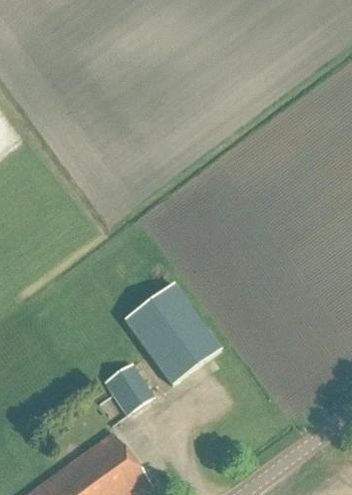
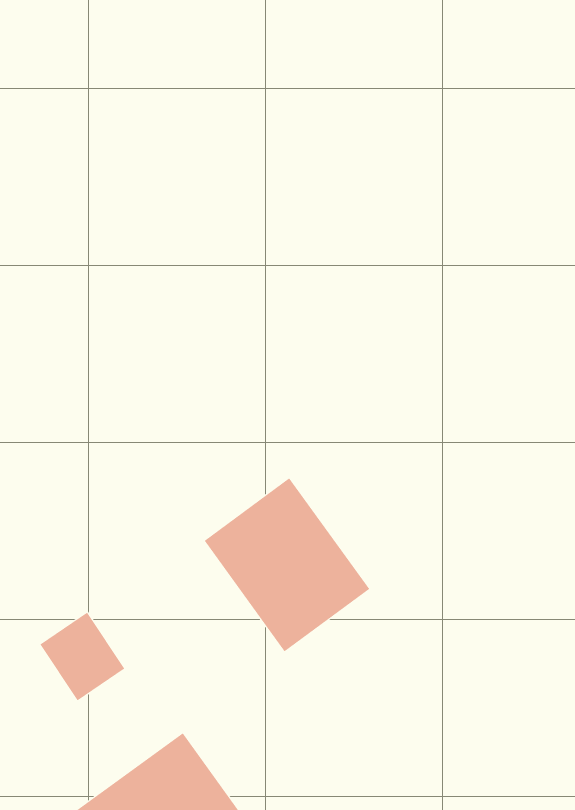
building: [104,363,154,416] -> [40,612,125,701]

